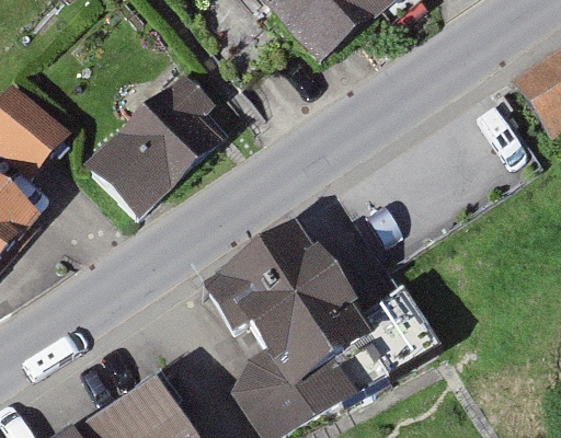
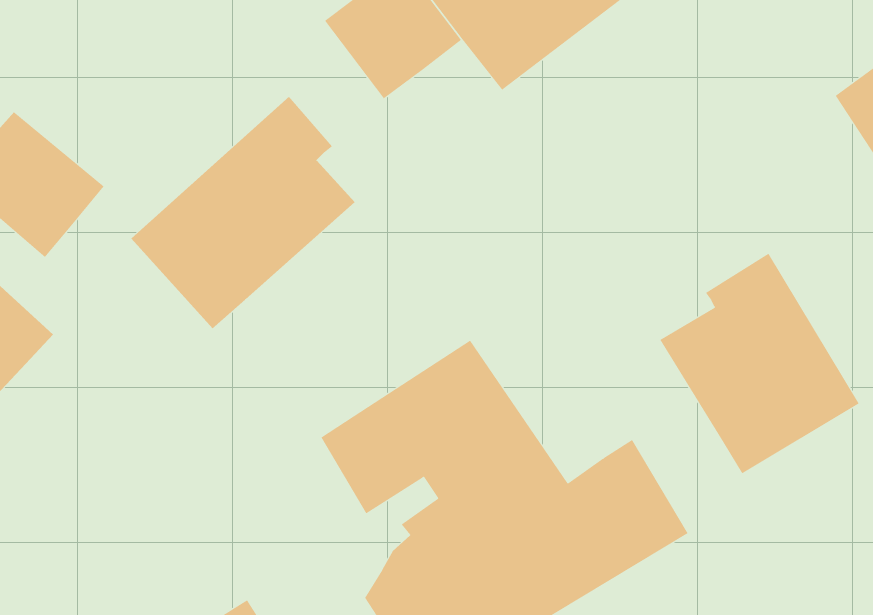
building: none -> [660,253,860,474]

